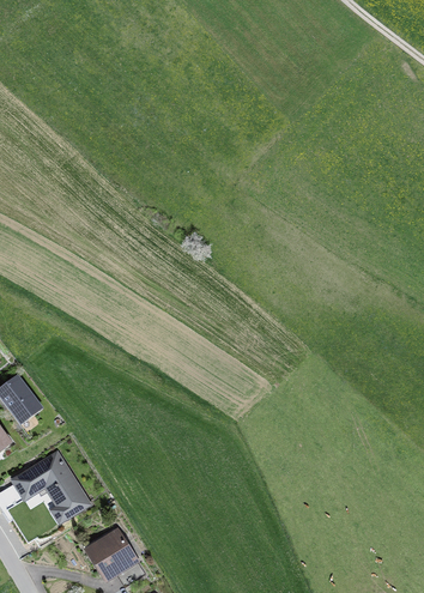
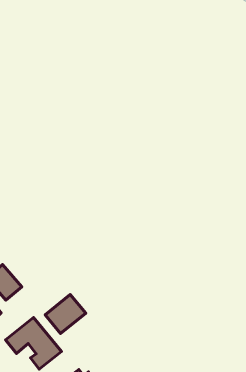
building: none -> [45,294,86,333]

